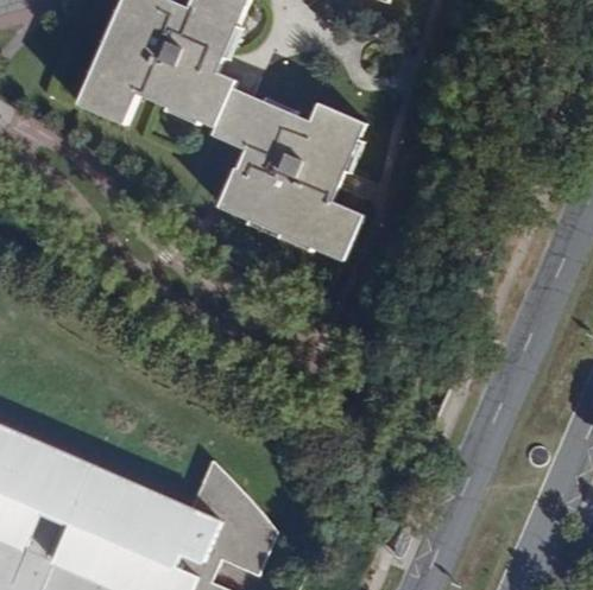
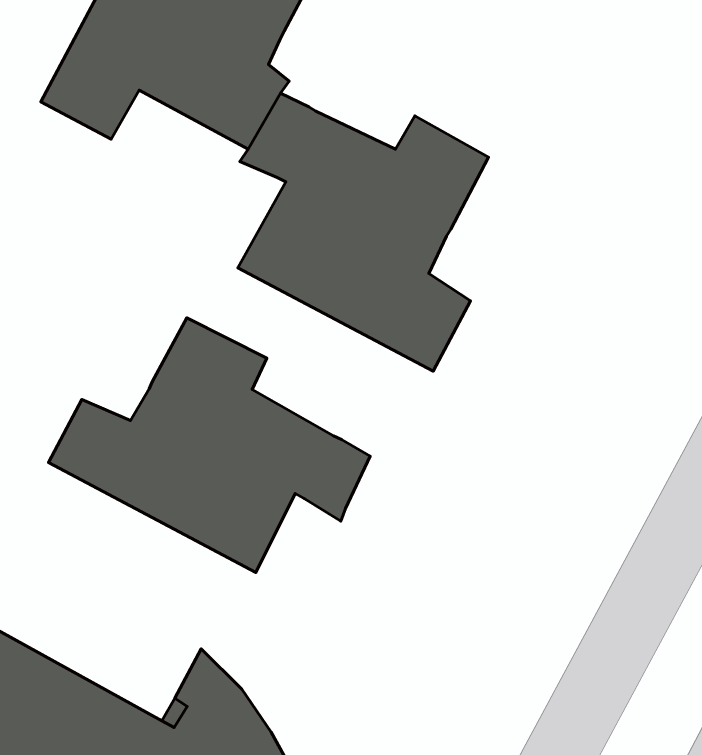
building: none -> [48,318,370,572]

